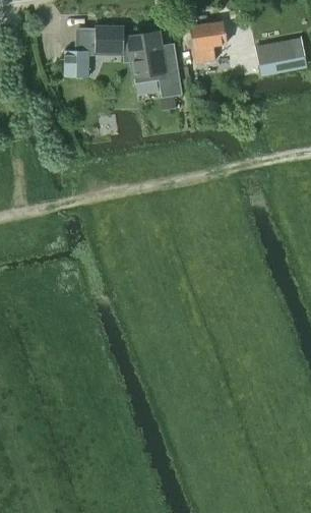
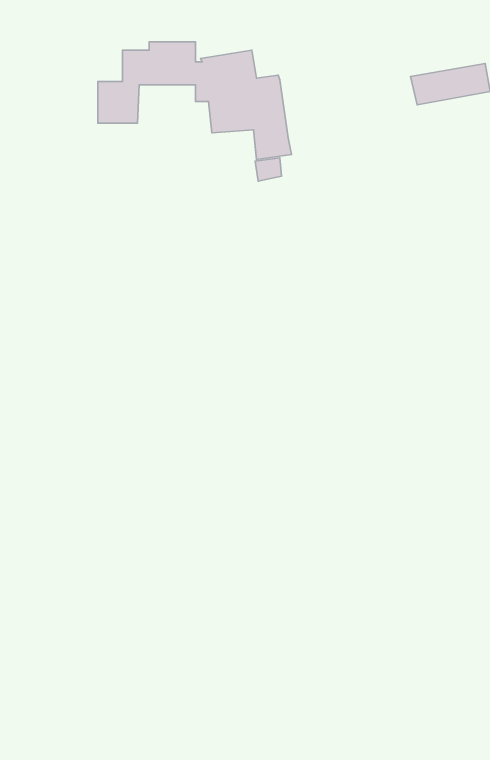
building: [190,22,226,63] -> none

